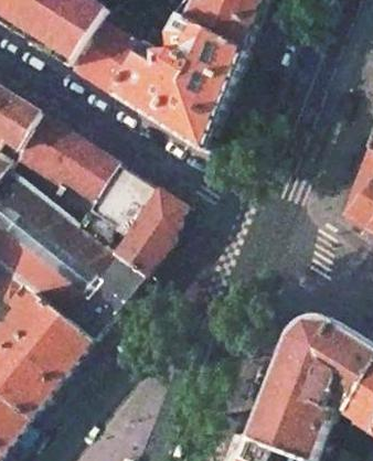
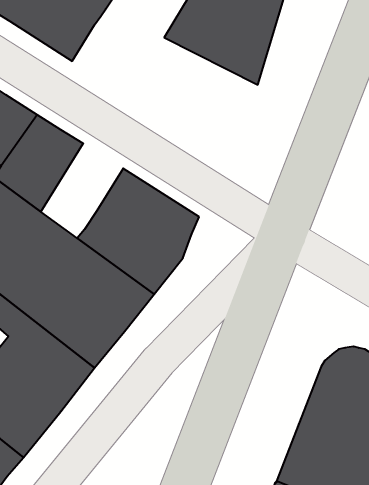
building: [71,21,235,148] -> none
building: [43,140,116,224] -> none

